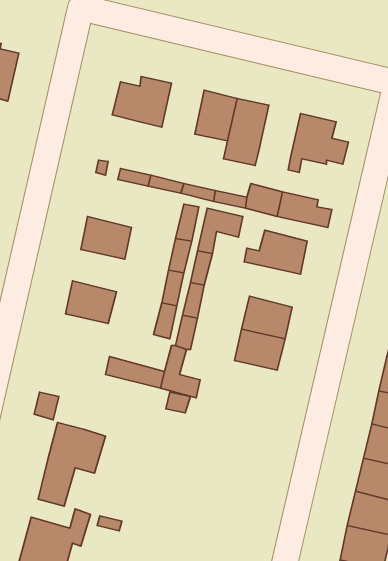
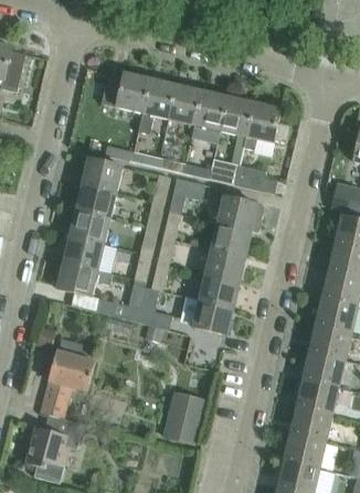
building: none -> [136,77,174,133]
building: none -> [219,95,252,136]
building: none -> [81,158,123,193]
building: none -> [68,211,110,245]
building: none -> [211,223,252,257]
building: none -> [56,262,112,296]
building: none -> [192,300,233,334]
building: none -> [167,399,207,446]

